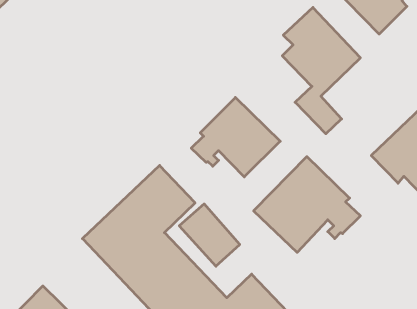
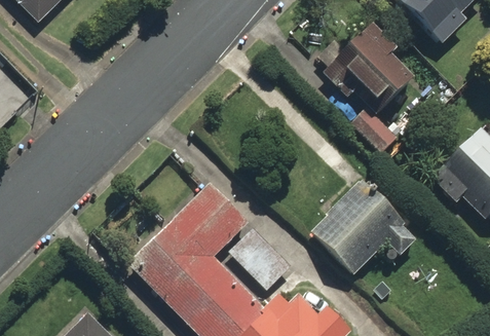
building: [191,97,280,177] -> none

